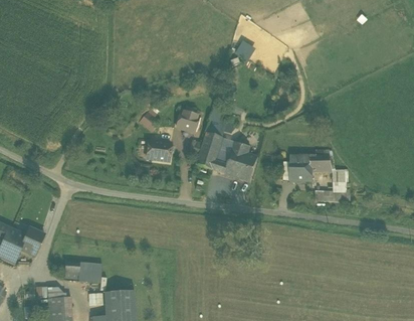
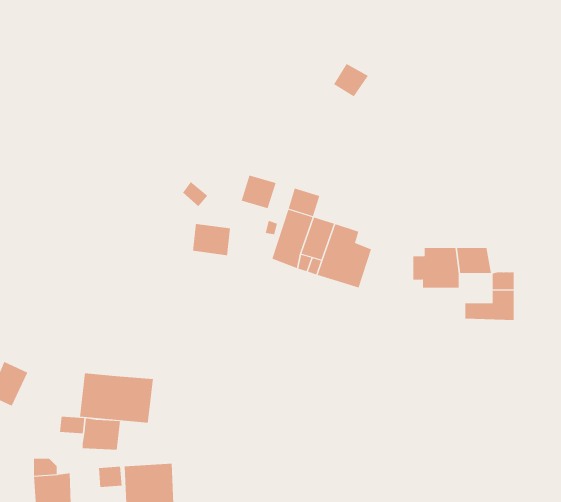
building: none -> [79,372,153,423]

